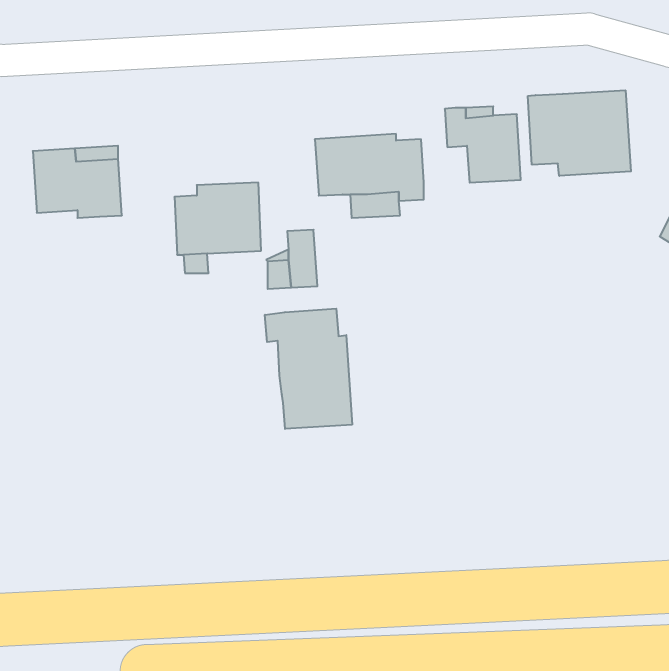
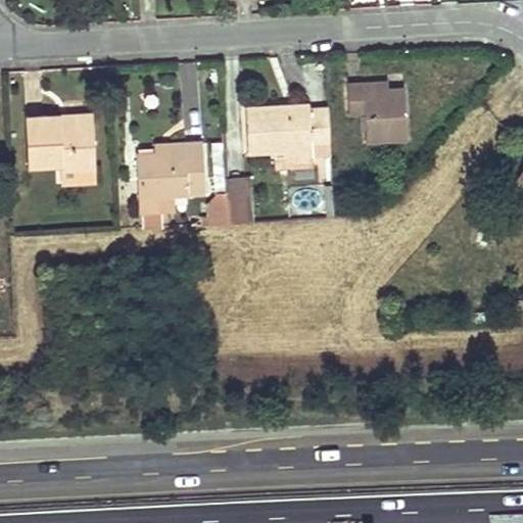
building: [528,90,631,176] -> none
building: [265,309,352,429] -> none

